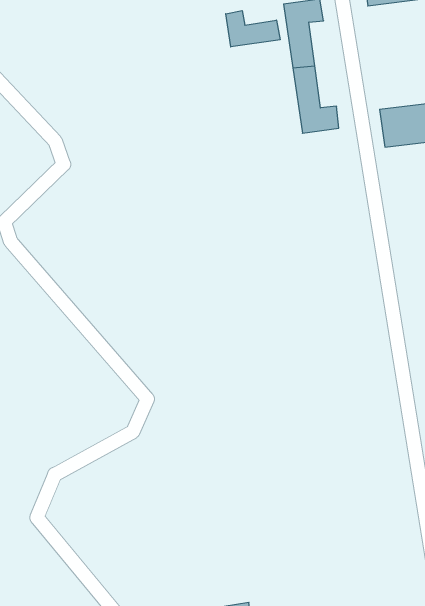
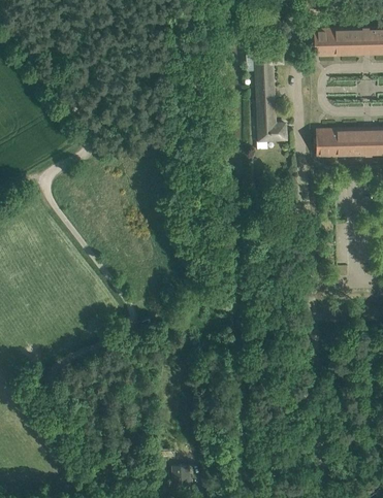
building: [226,11,280,47] -> none

